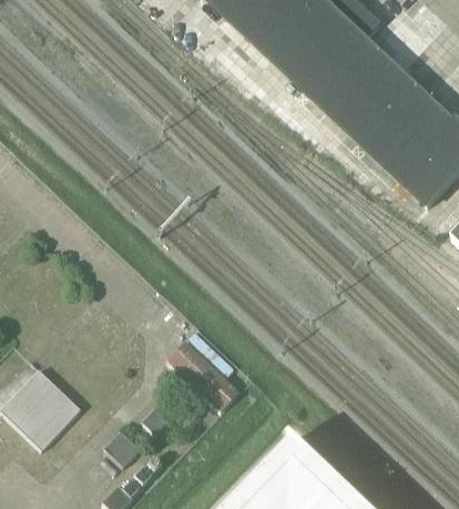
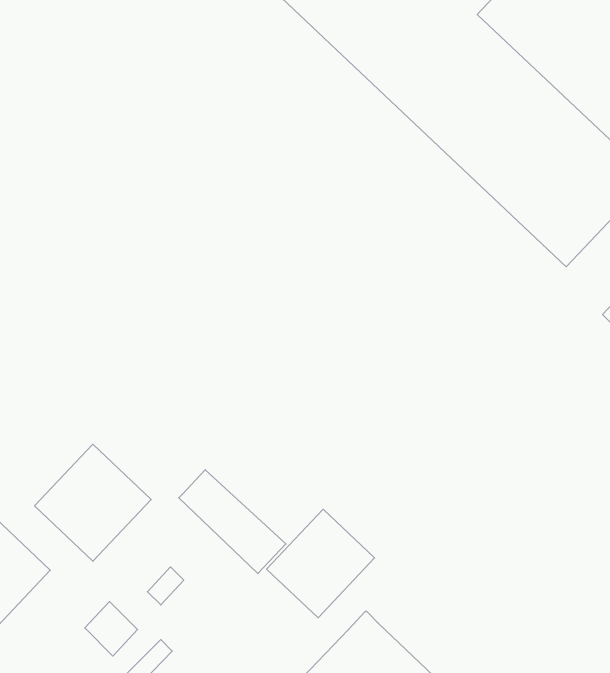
building: none -> [35,444,151,561]
building: none -> [267,509,375,618]

